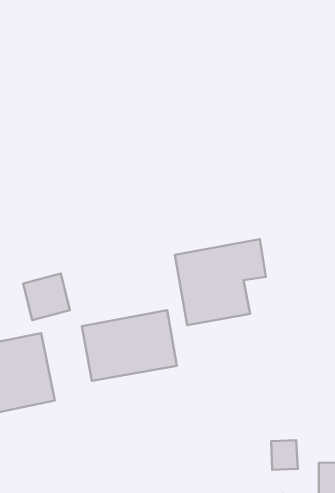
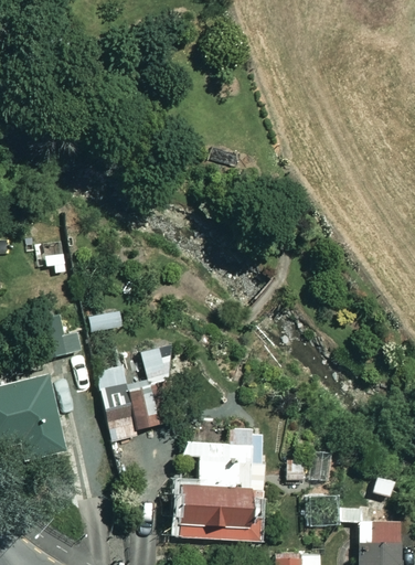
building: [175,239,266,325] -> none
building: none -> [178,441,265,540]

